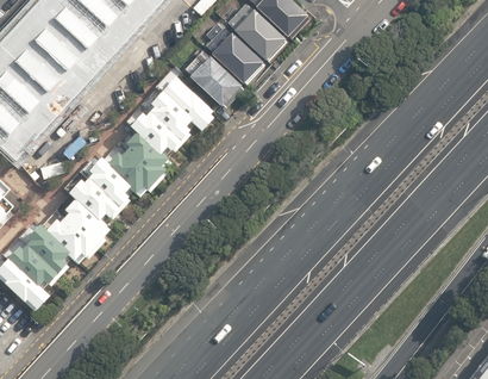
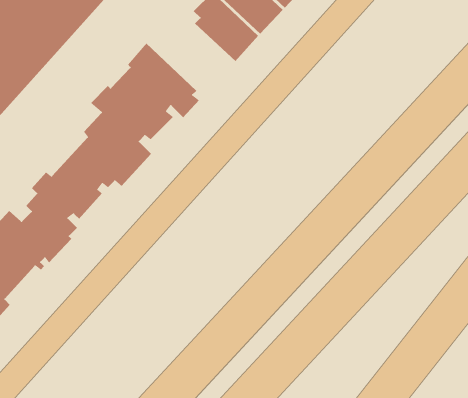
building: [182,45,244,105] -> none

